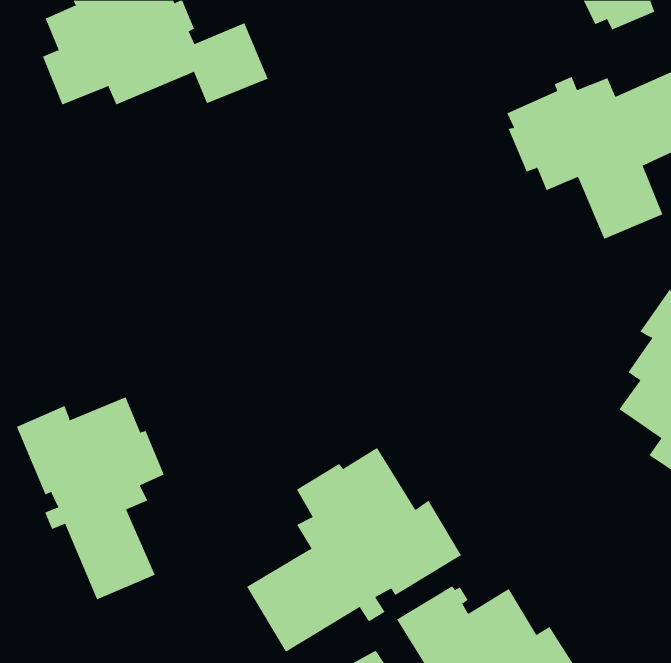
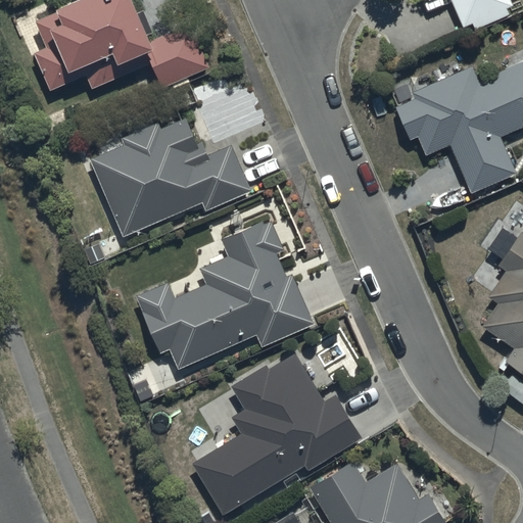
building: none -> [89,118,250,237]
building: none -> [136,221,314,369]
building: [16,397,165,600] -> none

